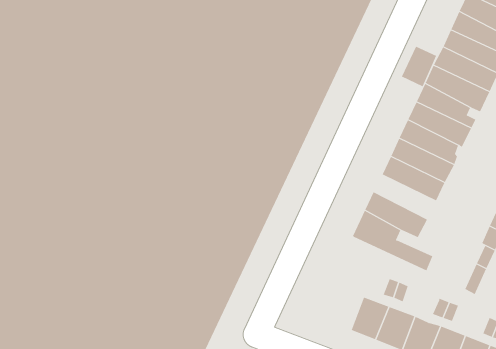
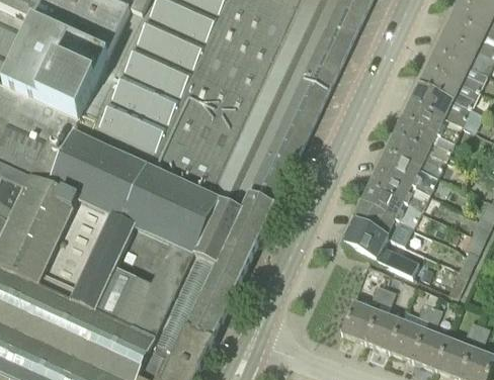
building: [401,46,437,87] -> none
building: none -> [362,184,422,226]

